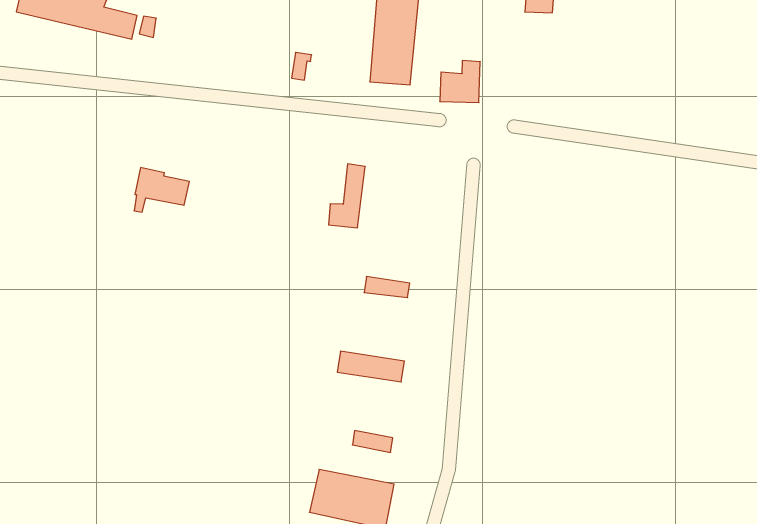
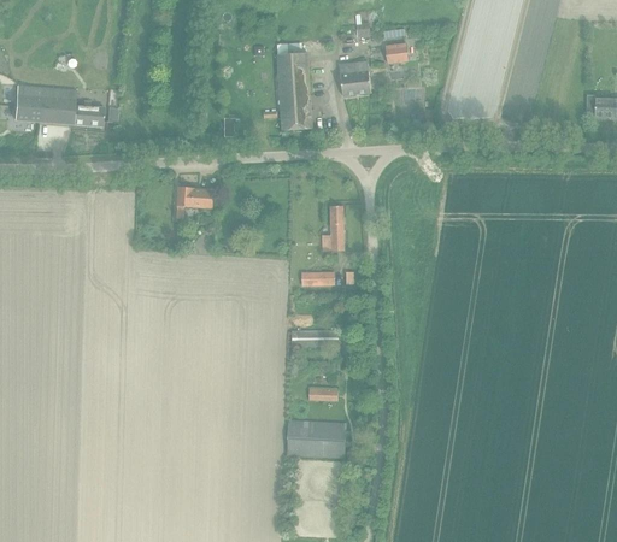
building: [440,61,480,103] -> [339,61,370,95]
building: [329,164,365,228] -> [321,205,343,252]
building: [134,168,189,212] -> [175,185,213,218]

